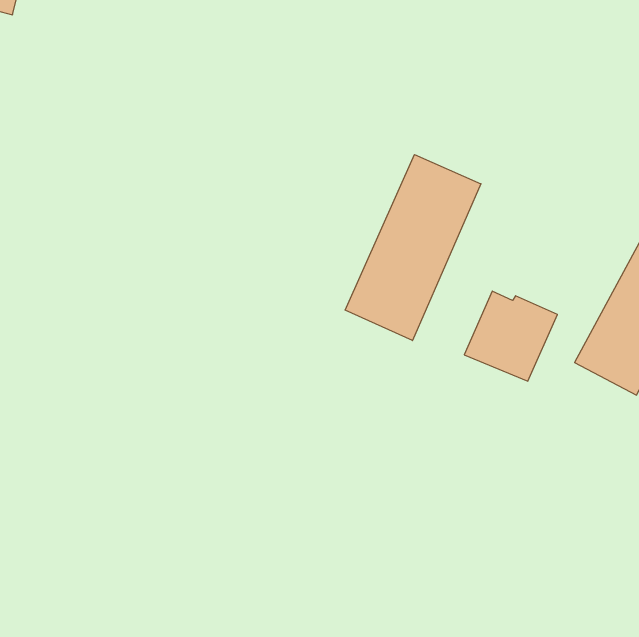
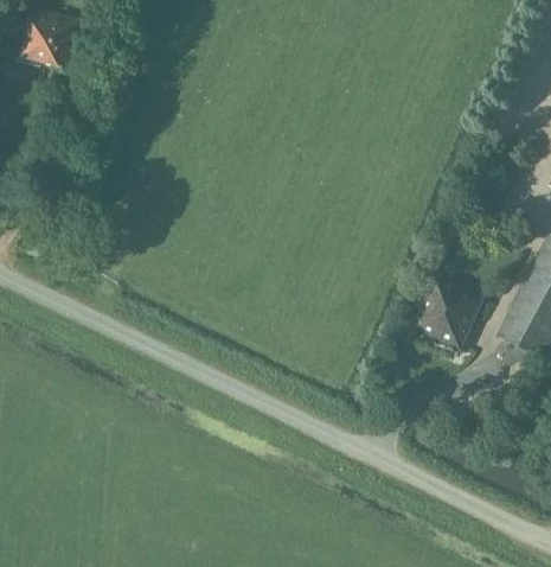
building: [345,155,481,341] -> none

